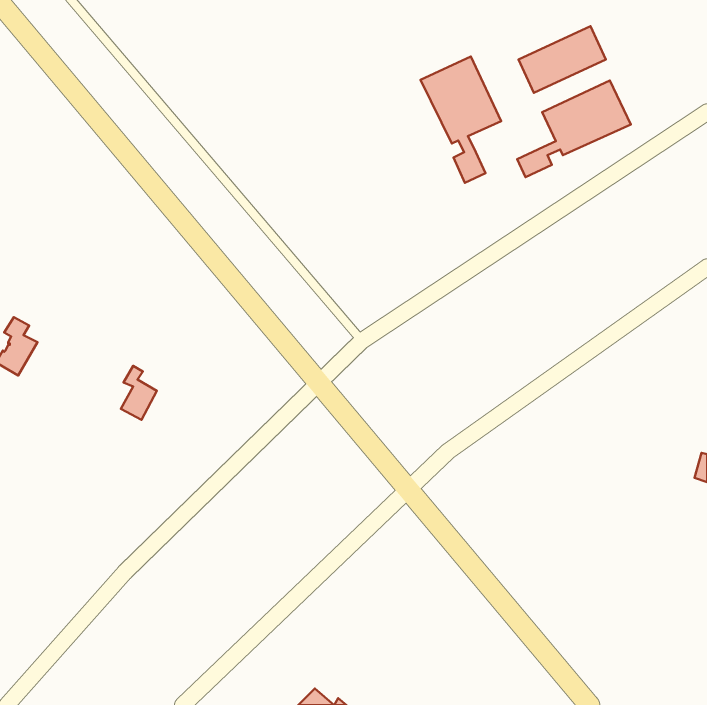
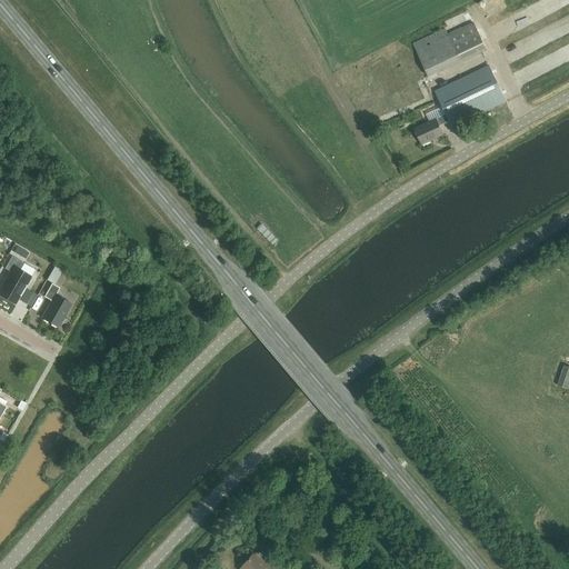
building: [421,56,501,183] -> none
building: [121,366,157,420] -> [41,282,70,326]

